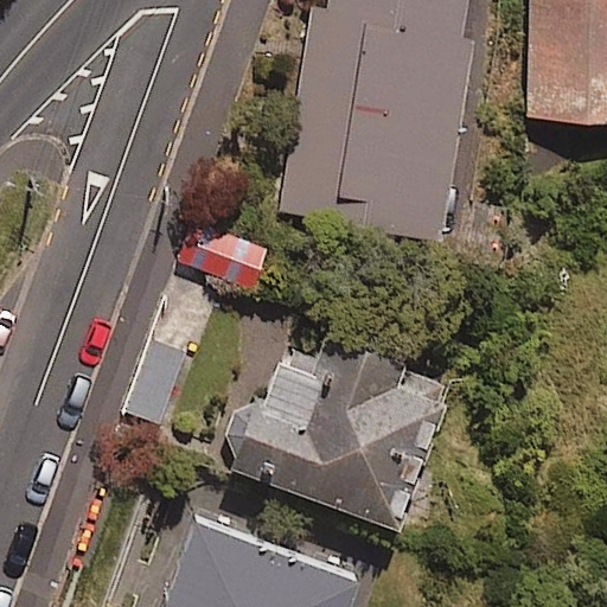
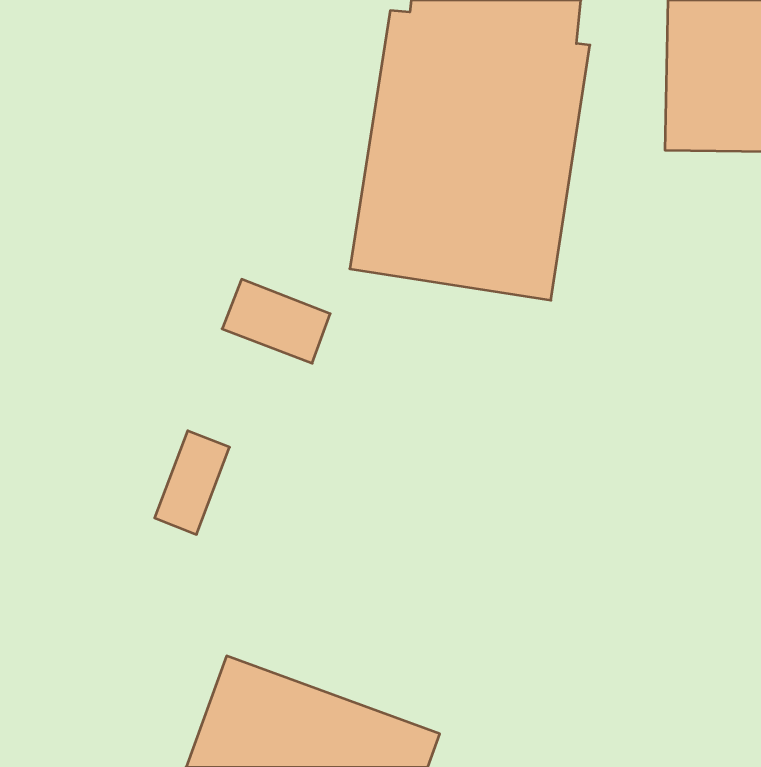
building: [224,324,447,526] -> none

